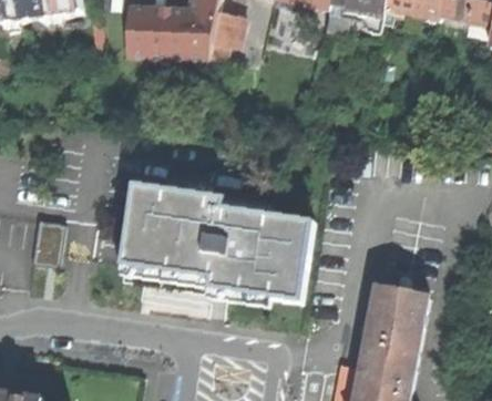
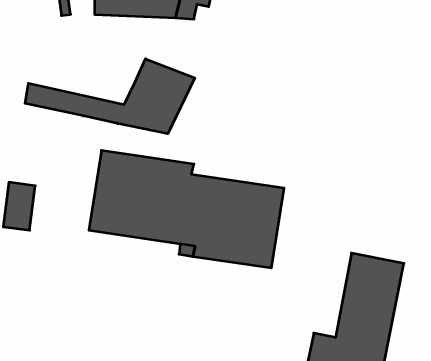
building: none -> [25,59,195,134]

